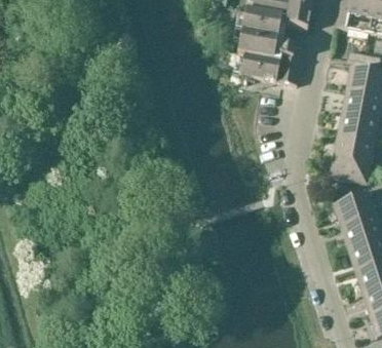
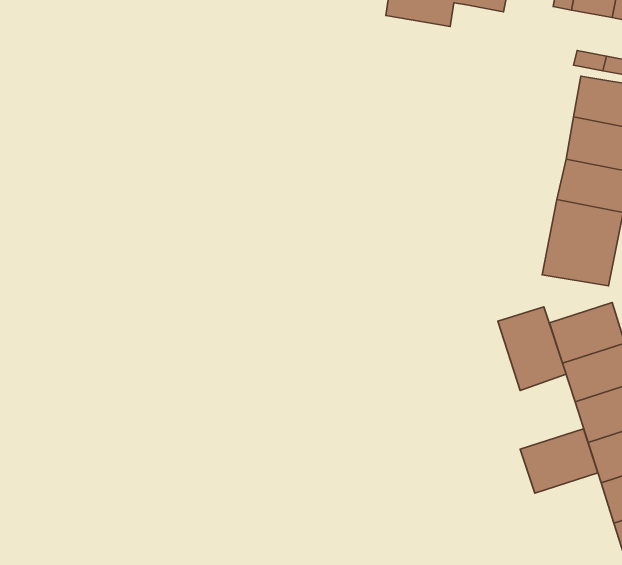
building: [238,31,304,84] -> none
building: none -> [498,307,566,391]
building: none -> [520,429,598,493]

